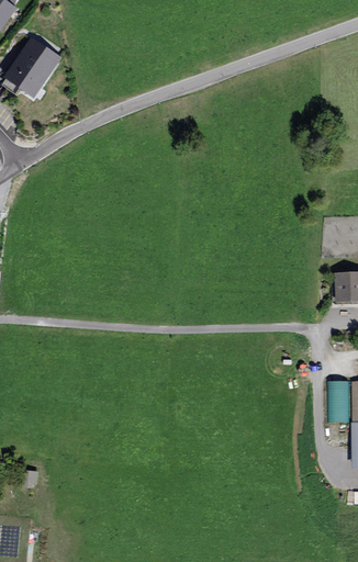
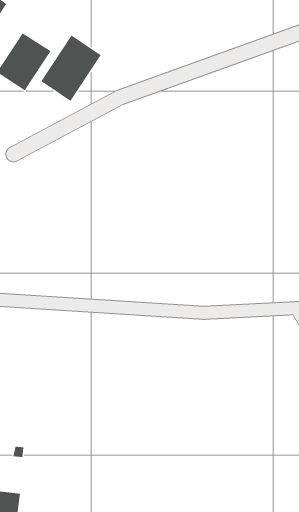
building: none -> [41,35,102,102]

